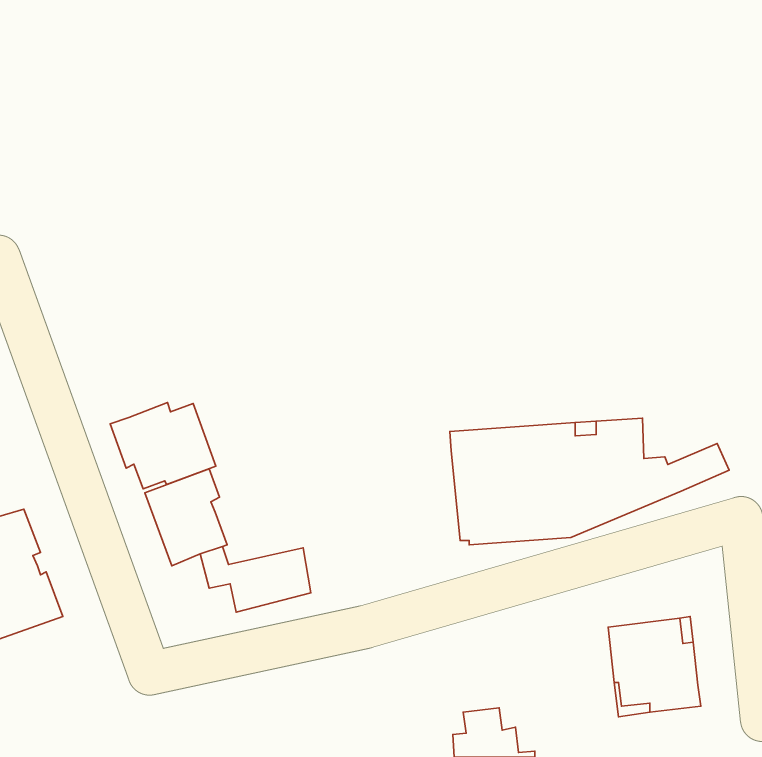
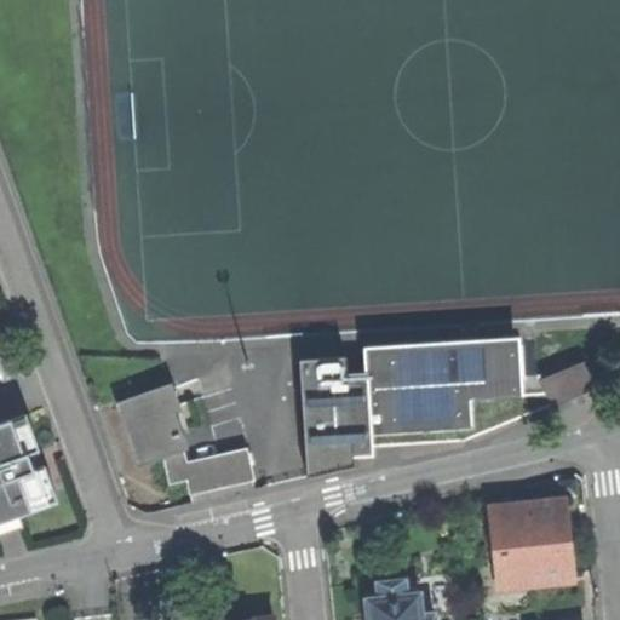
building: [110,403,216,489] -> none
building: none -> [299,351,373,472]

